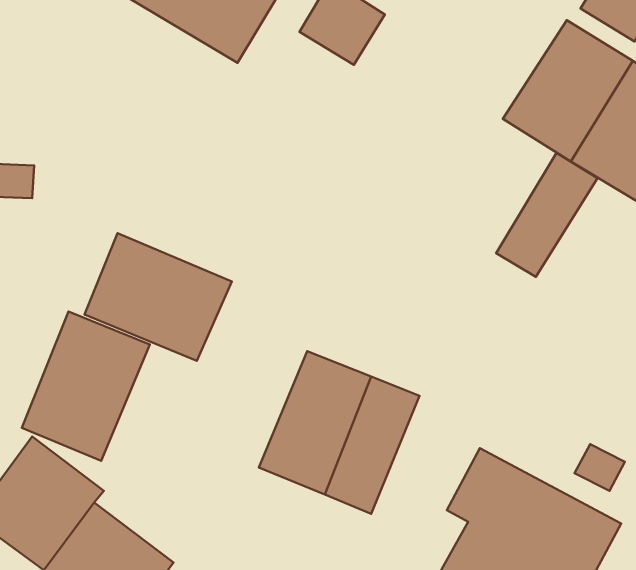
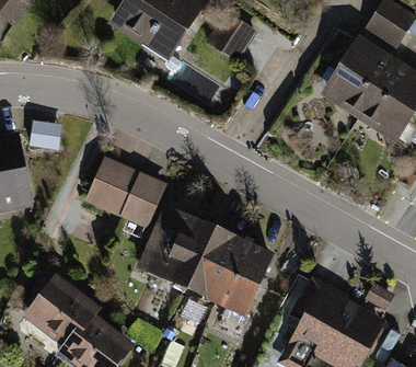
building: [496,153,597,277] -> none
building: [22,312,150,461] -> [138,206,210,290]

